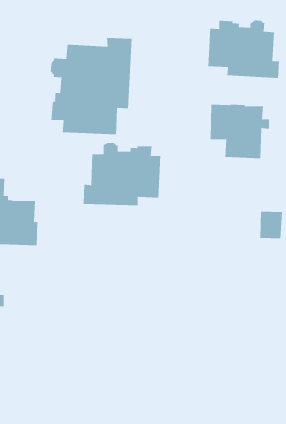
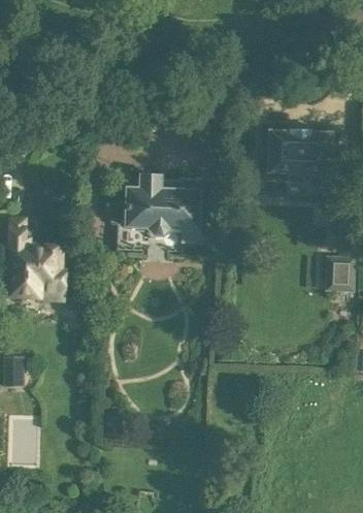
building: [208,20,279,79] -> none
building: [50,37,132,135] -> none

